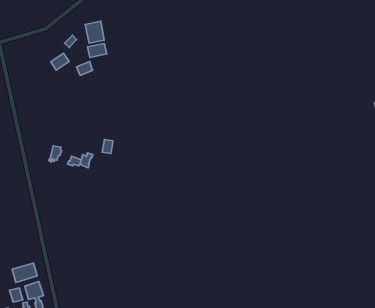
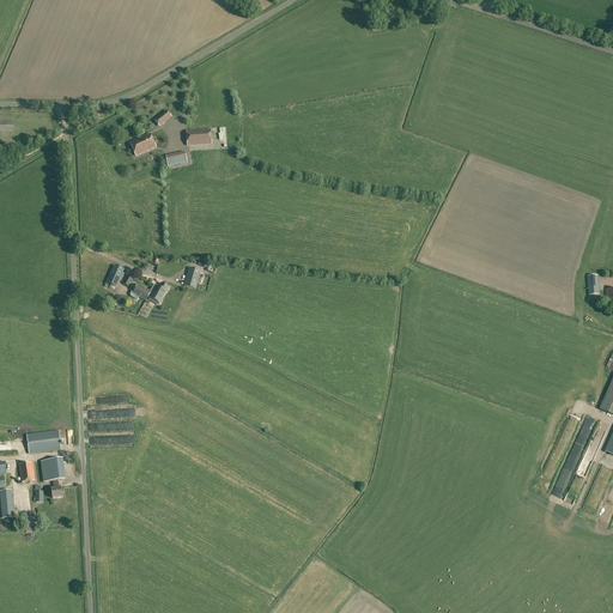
building: [85,21,104,43] -> none

